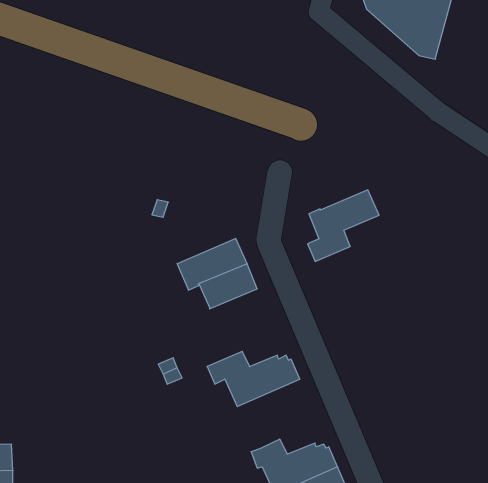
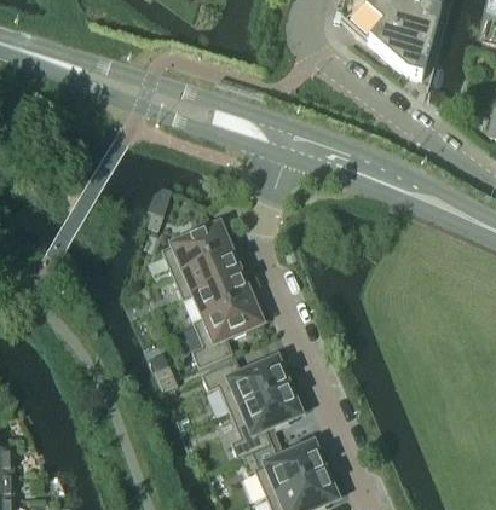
building: [308,190,379,261] -> [192,297,261,366]
building: none -> [162,224,230,273]
building: none -> [231,384,300,457]

